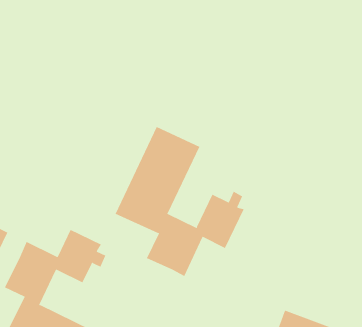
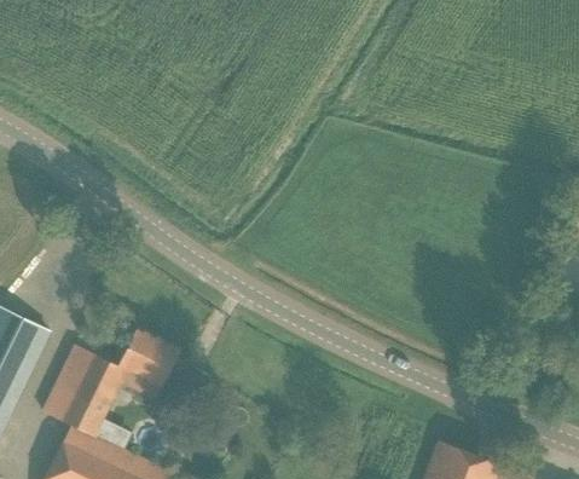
building: [115,126,244,277] -> none

